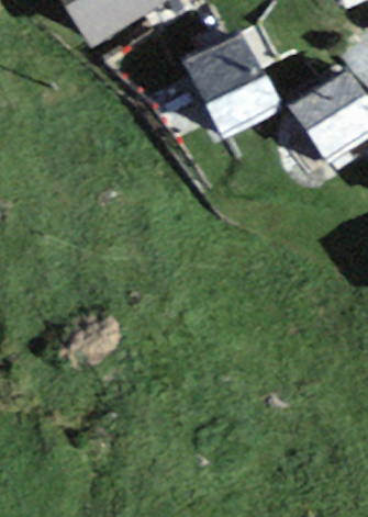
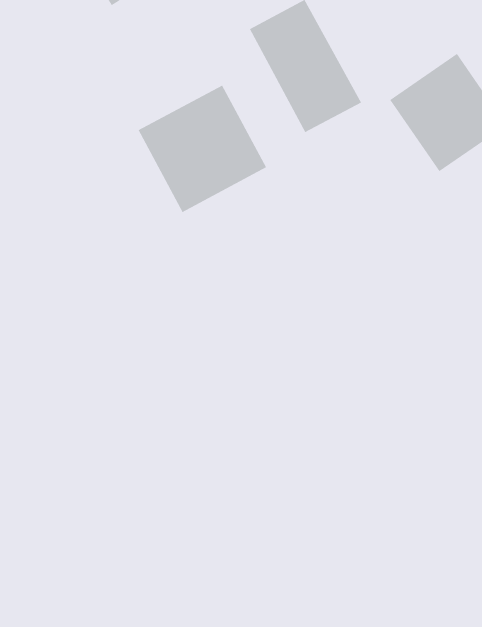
building: none -> [138,84,267,213]

